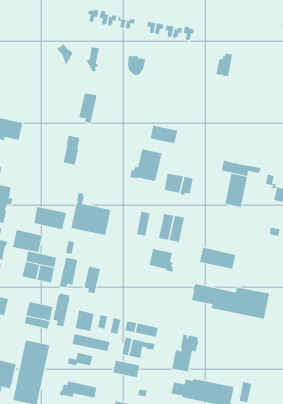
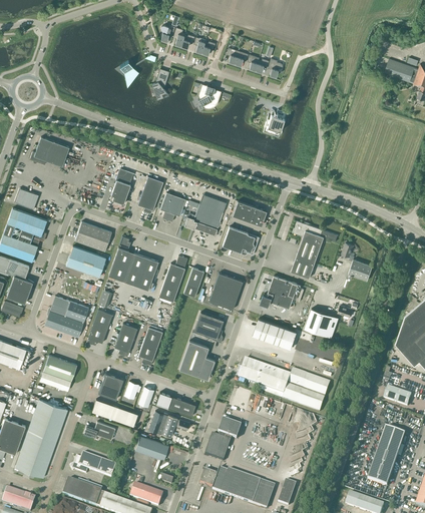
building: [216,53,233,77] -> [263,108,286,136]
building: [79,93,97,124] -> [137,176,162,213]
building: [150,125,178,144] -> [233,200,267,225]
building: none -> [160,191,185,220]
building: none -> [158,255,187,302]
building: none -> [261,276,301,308]
building: [12,230,43,252] -> [74,220,111,250]
building: none -> [305,308,338,337]
building: none -> [179,341,215,379]
building: [52,293,70,327] -> [138,325,162,365]

